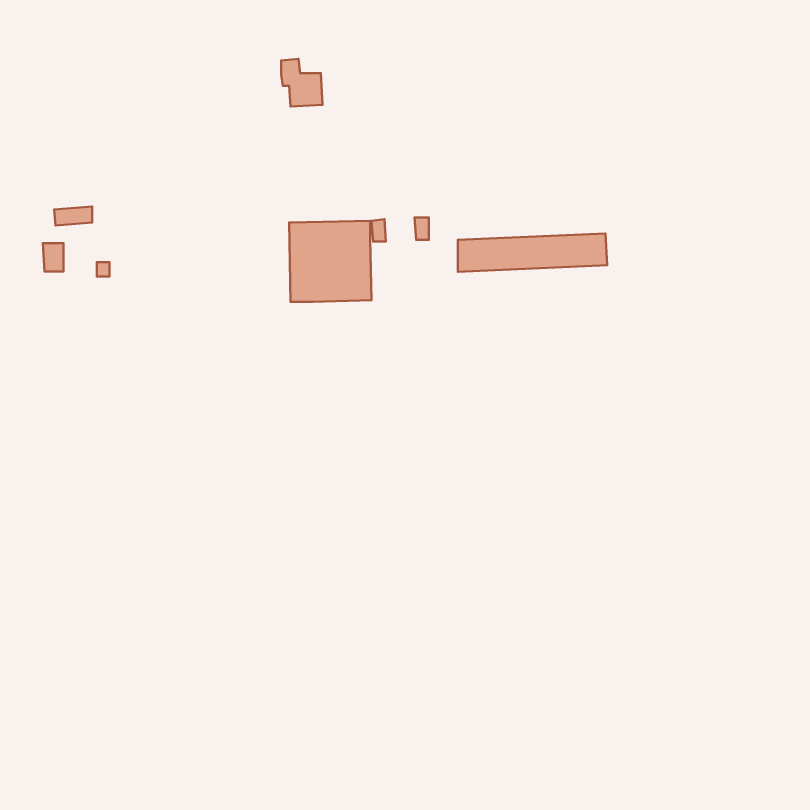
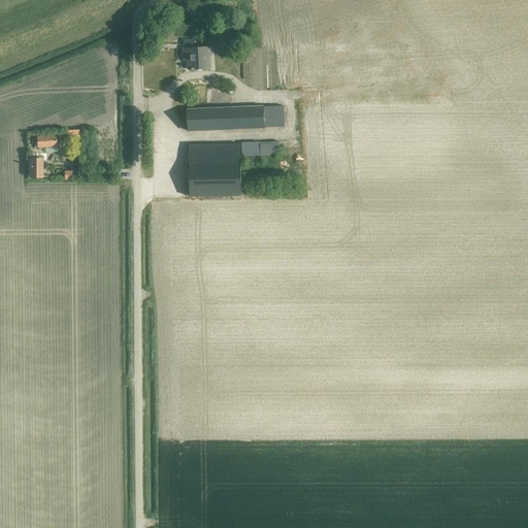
building: [458,234,607,272] -> [187,105,284,130]

